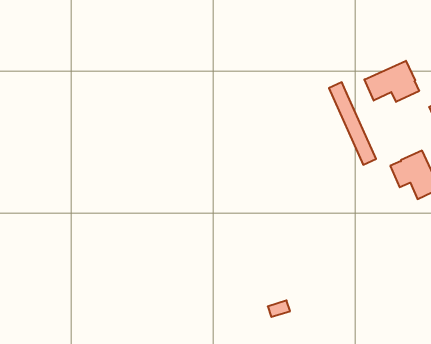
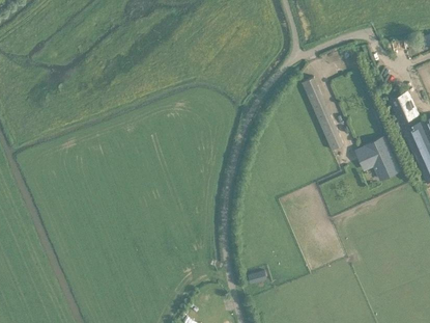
building: [364,61,419,102] -> none

